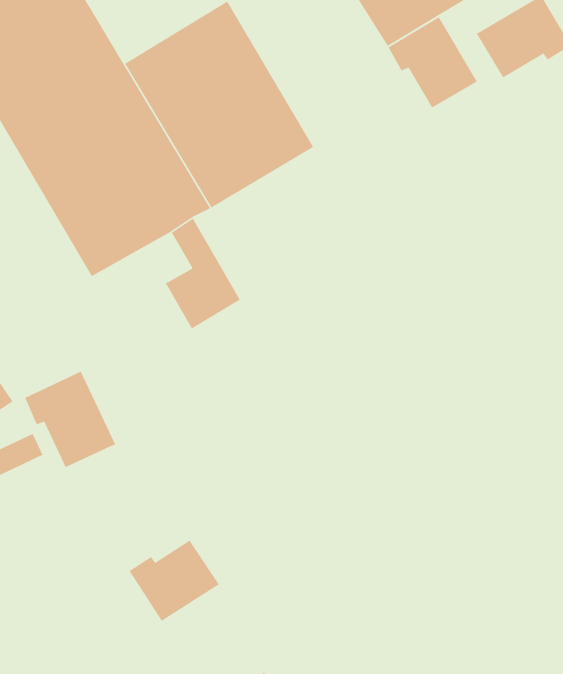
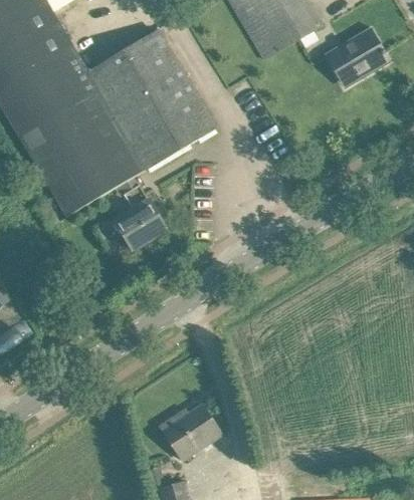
building: [387,16,478,109] -> none
building: [24,371,116,468] -> none
building: [129,540,220,622] -> [161,404,222,459]

